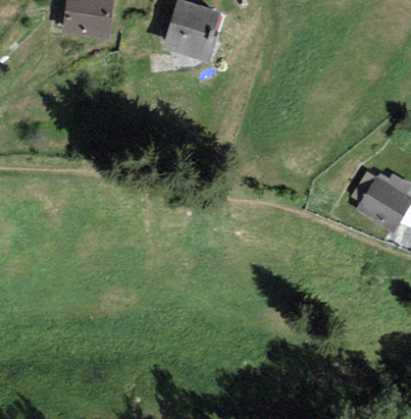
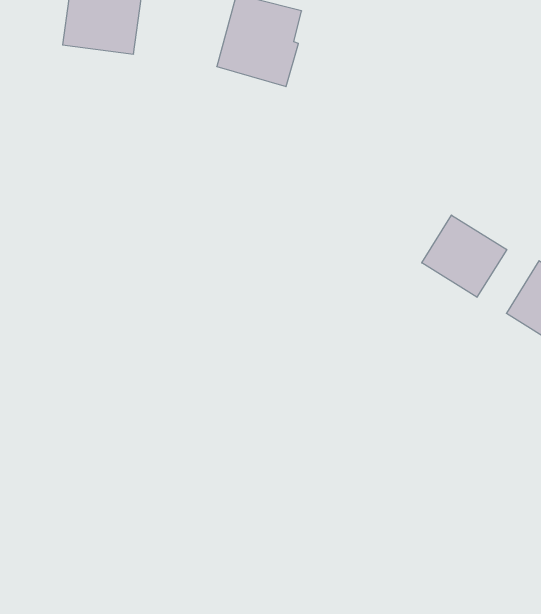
building: none -> [422,215,507,297]

